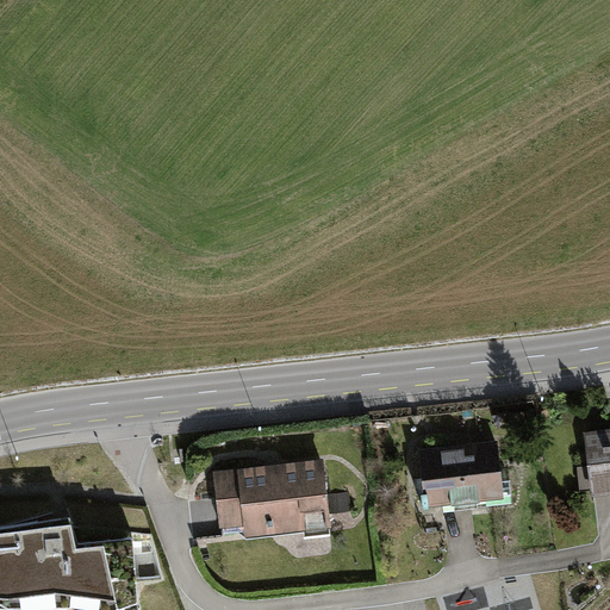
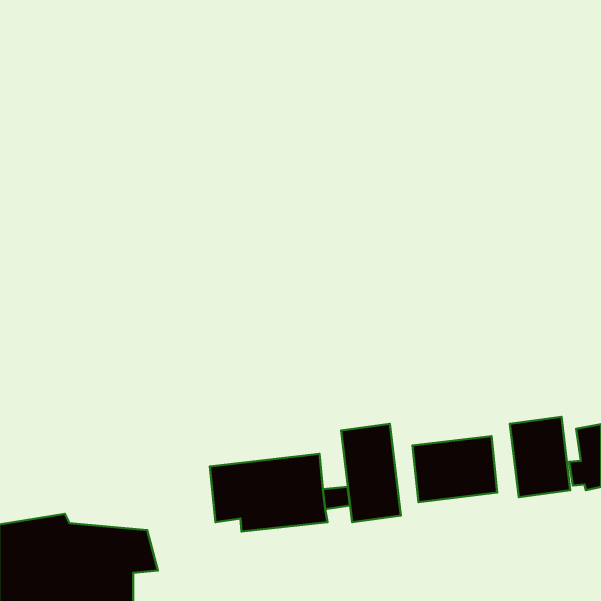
building: none -> [510,417,570,497]
building: none -> [341,424,401,522]

